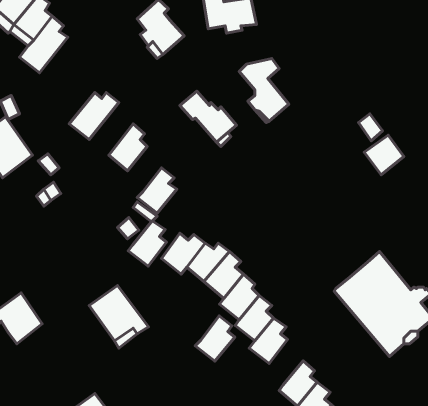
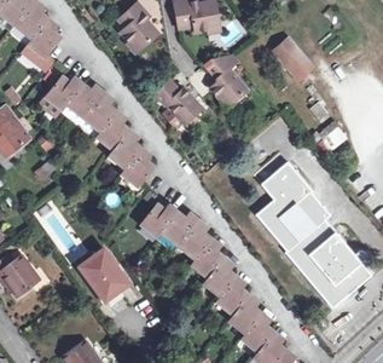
building: none -> [272,42,312,83]
building: none -> [39,75,83,117]
building: none -> [79,92,116,137]
building: none -> [259,162,331,250]
building: [128,221,166,266] -> [108,129,140,168]
building: [195,316,235,361] -> [227,294,261,333]

